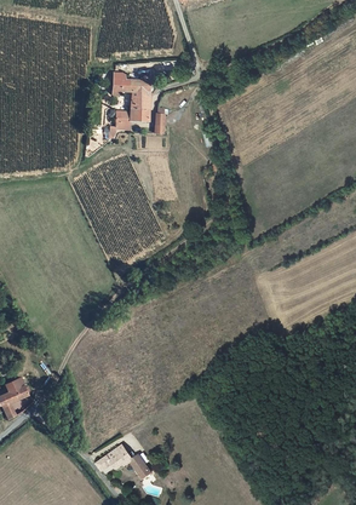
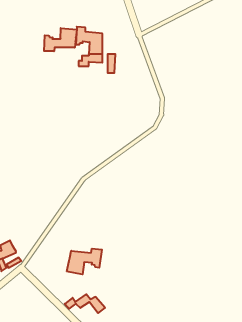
building: none -> [44,28,77,51]
building: none -> [67,249,102,274]

